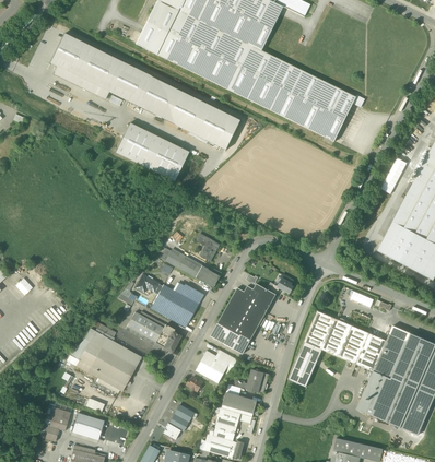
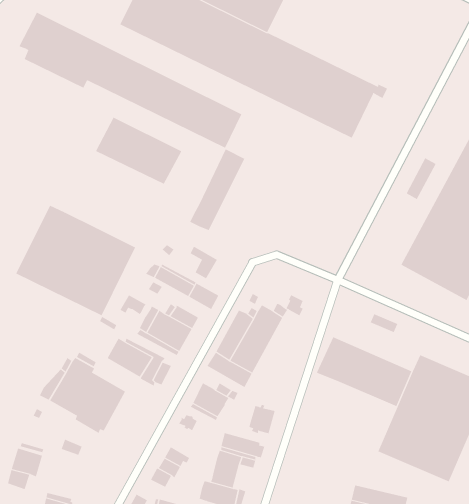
building: none -> [190,149,245,231]
building: none -> [16,205,136,316]
building: [289,342,321,387] -> none
building: [72,413,104,439] -> none

